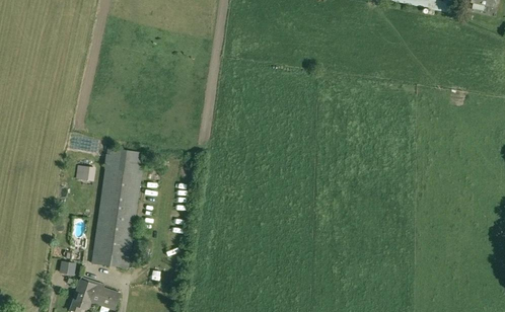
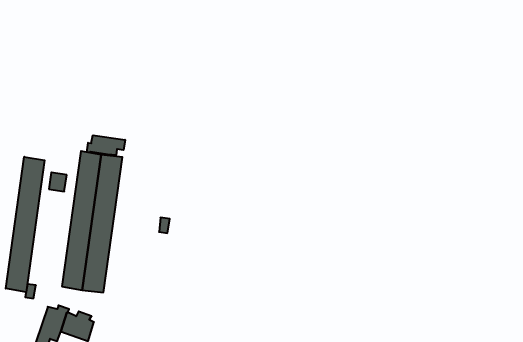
building: none -> [87,135,125,155]
building: none -> [6,157,45,292]

